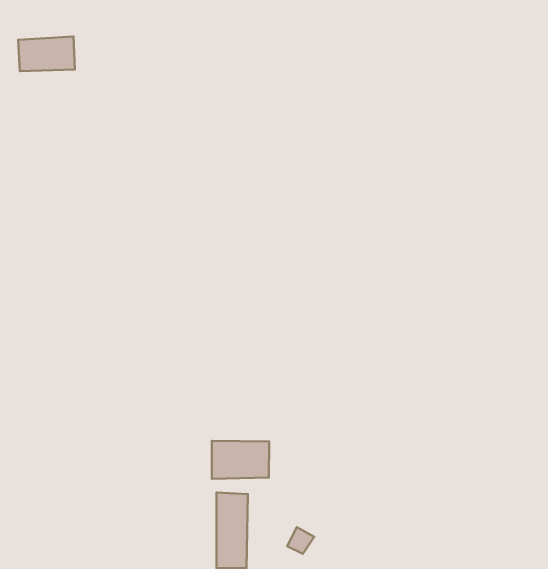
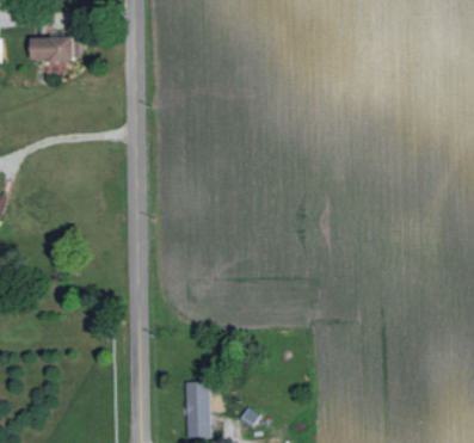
building: [212,441,269,479] -> none

